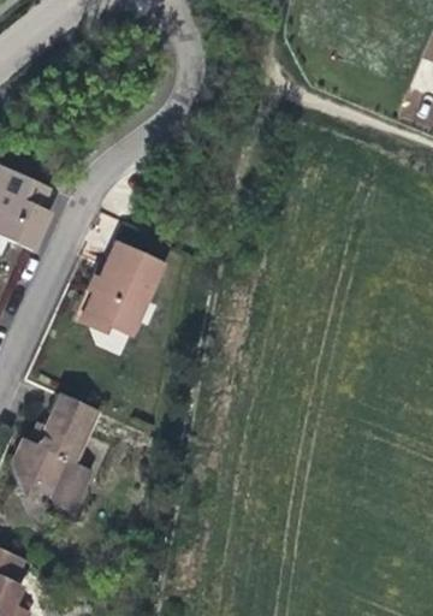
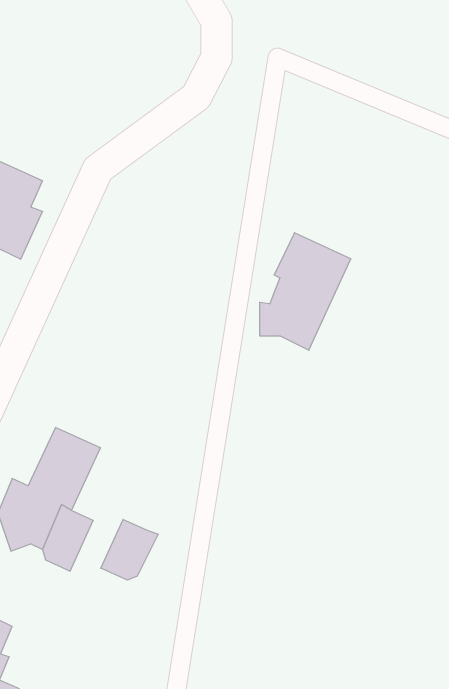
building: [89,241,165,338] -> [260,233,351,350]
building: none -> [101,519,158,580]

